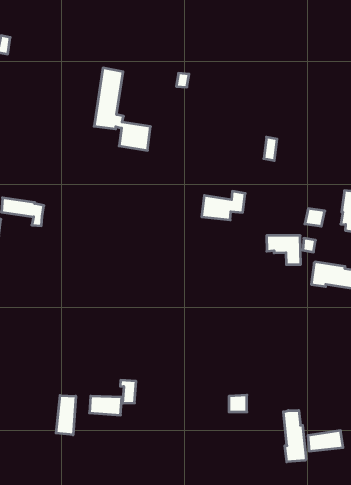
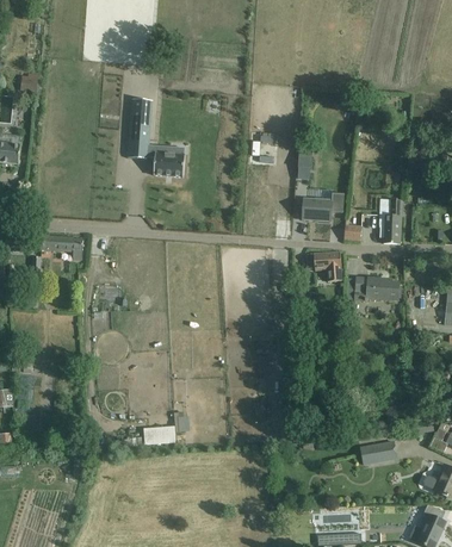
building: [202,191,245,220] -> [302,191,343,219]
building: [56,395,76,435] -> none
building: [283,410,306,462] -> none

